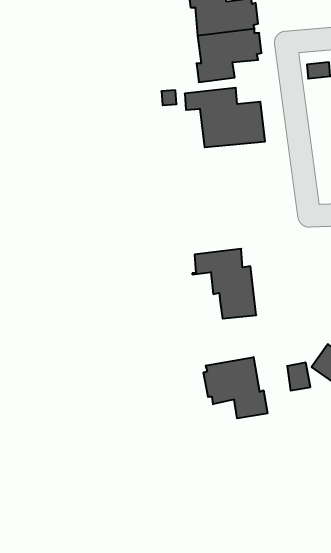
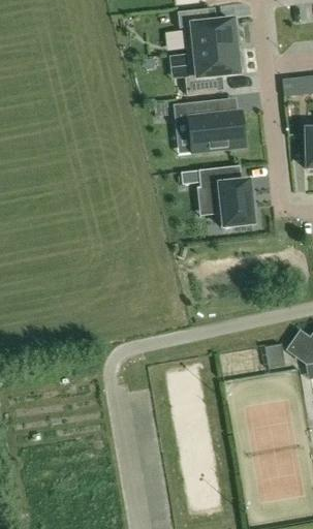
building: [192,249,256,319] -> [196,165,253,227]
building: [204,357,267,418] -> none

